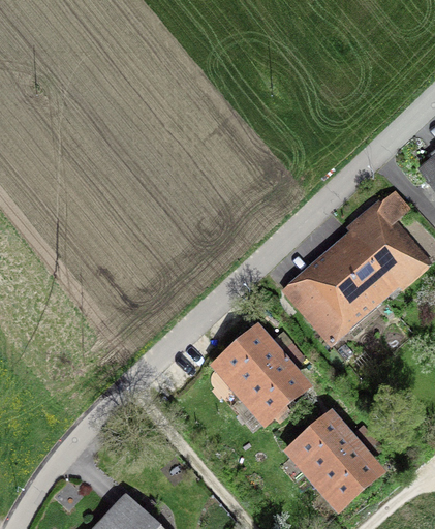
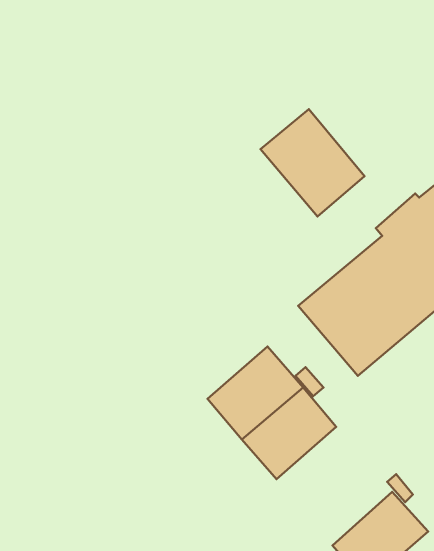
building: none -> [261,109,364,217]
building: [282,408,359,483] -> none

